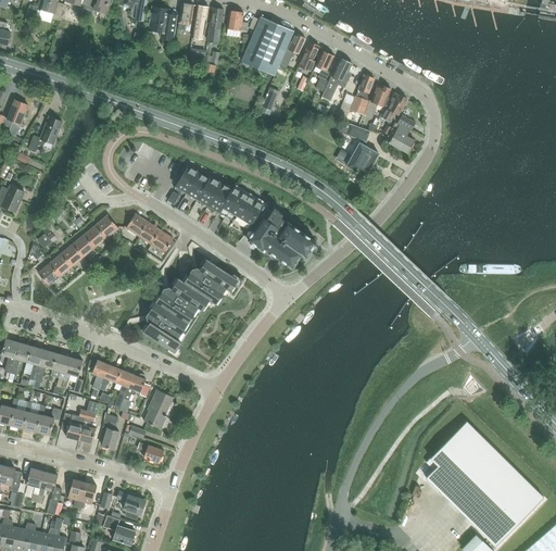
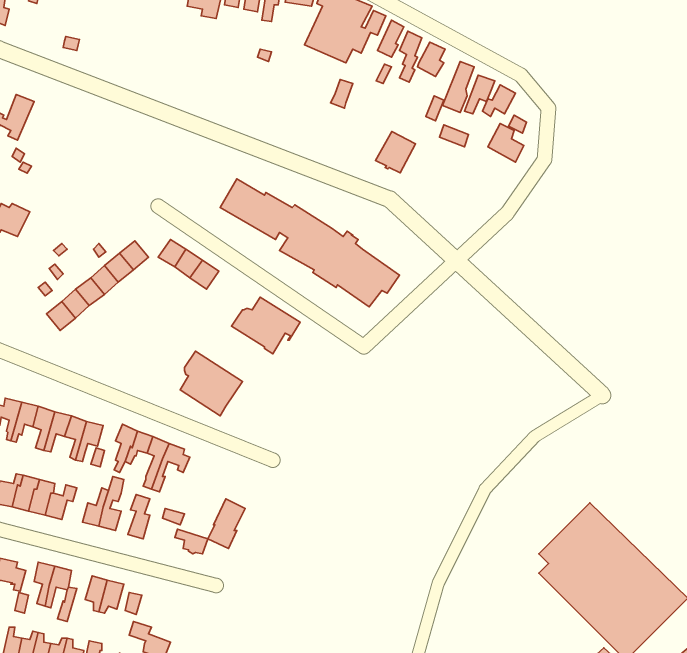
building: [27,115,61,151] -> none
building: [345,142,377,175] -> [375,131,415,173]
building: [154,277,208,325] -> none
building: [143,389,173,428] -> [208,499,245,548]
building: [116,490,144,517] -> none

